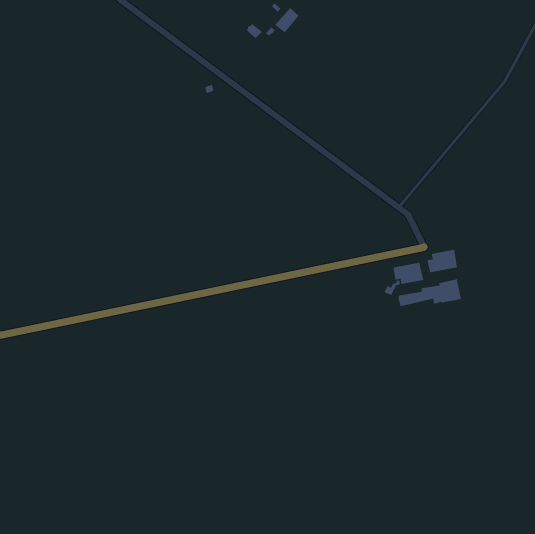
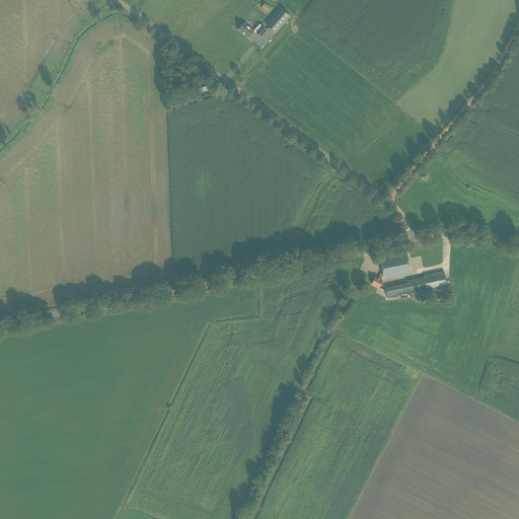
building: [426,249,458,273] -> none

